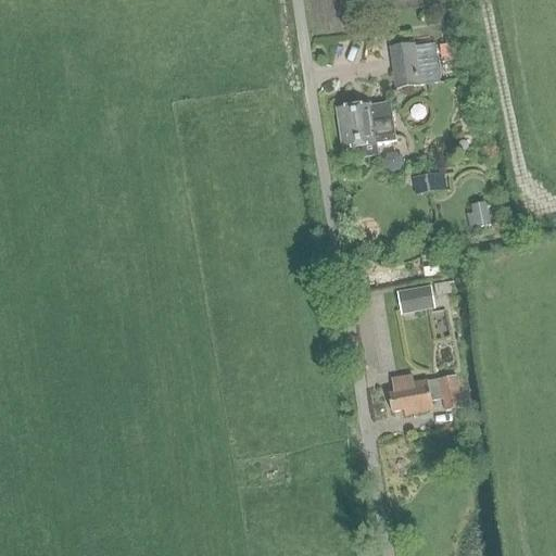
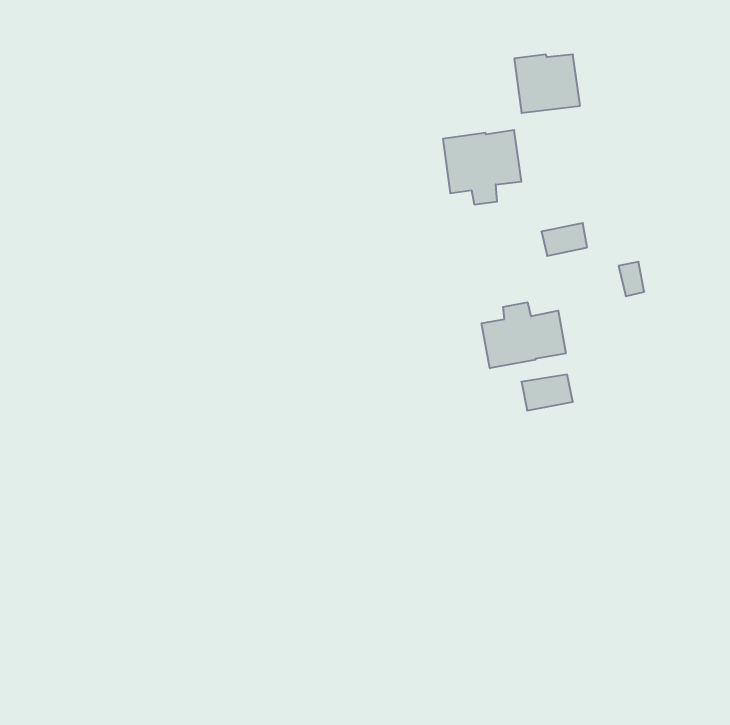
building: none -> [482,302,566,368]
building: [387,374,460,415] -> none

